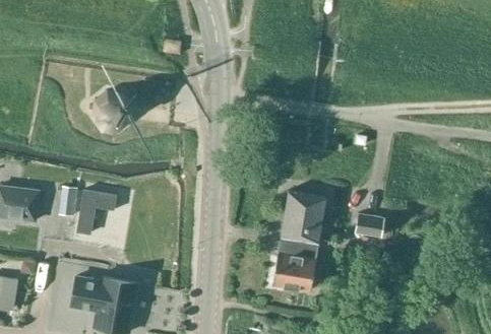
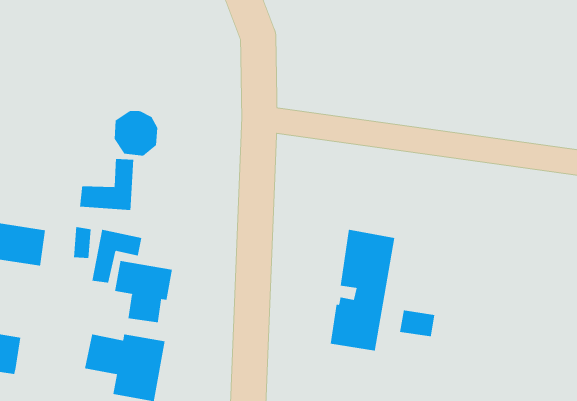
building: none -> [79,158,134,211]
building: [355,213,384,236] -> [399,310,435,337]
building: none -> [115,260,172,323]

